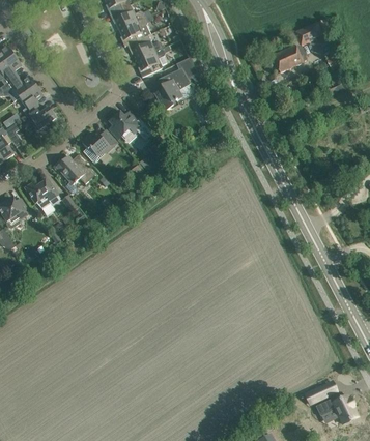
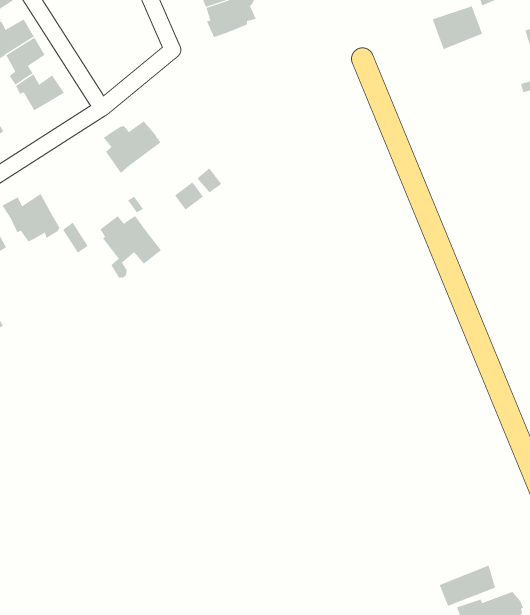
building: [153,57,200,111] -> none
building: [108,111,151,143] -> none
building: [57,154,95,193] -> [99,215,162,278]

